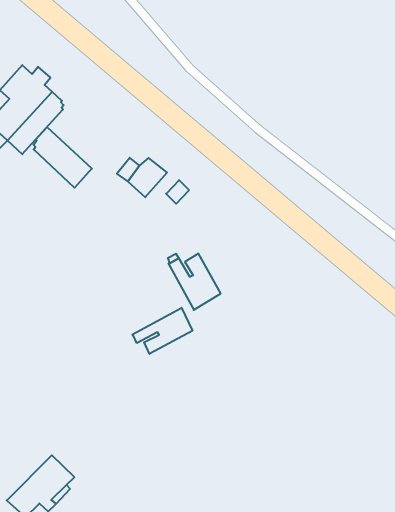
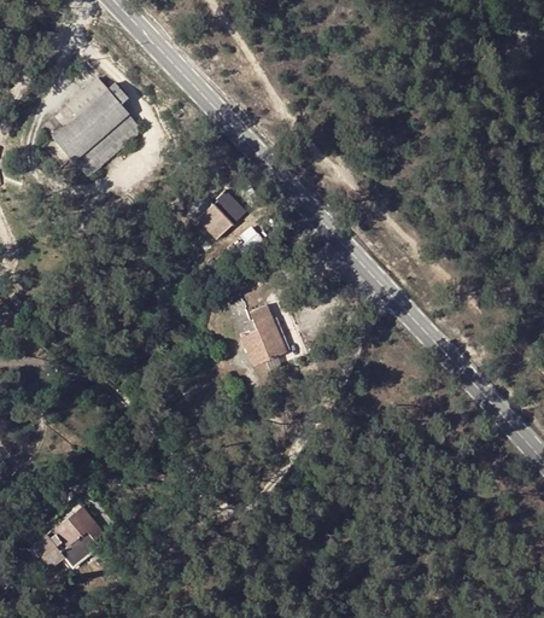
building: [33,127,92,188] -> none
building: [132,308,192,354] -> none

